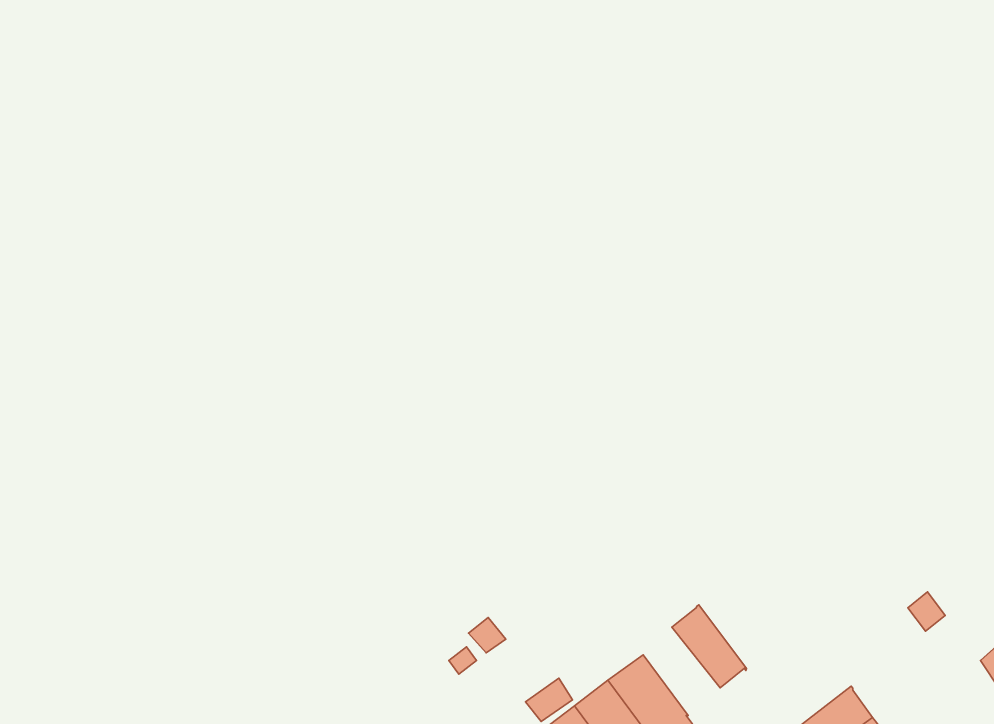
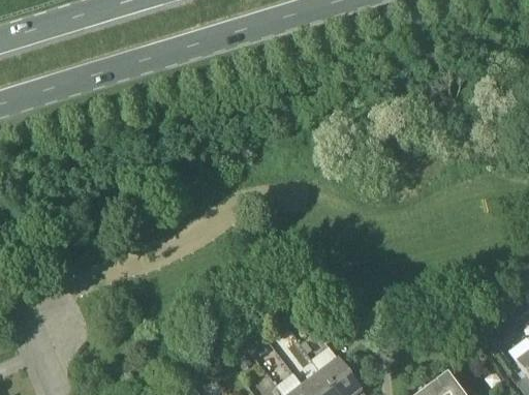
building: [672,605,746,688] -> none

